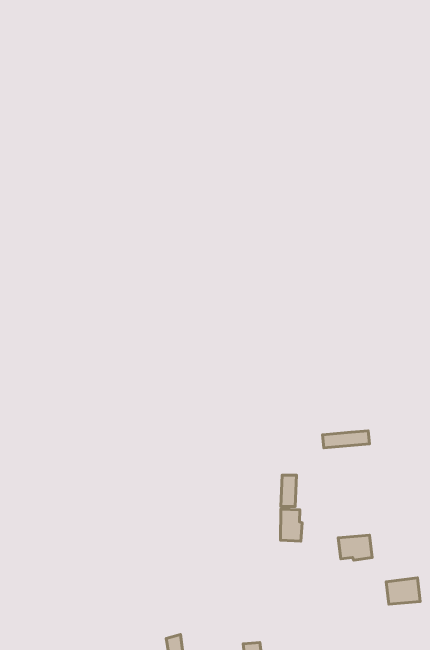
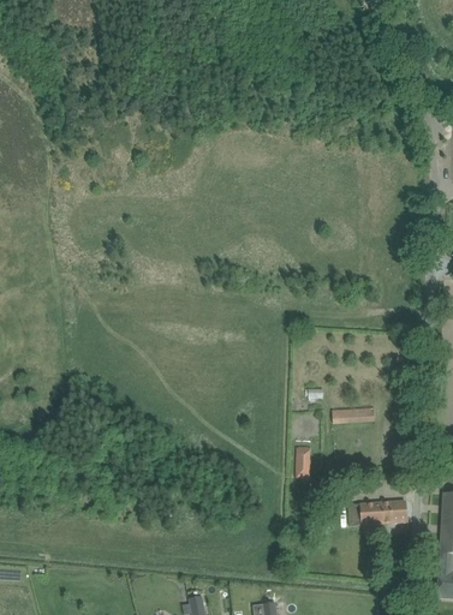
building: [280,509,302,541] -> none
building: [386,578,420,604] -> [376,500,407,524]

